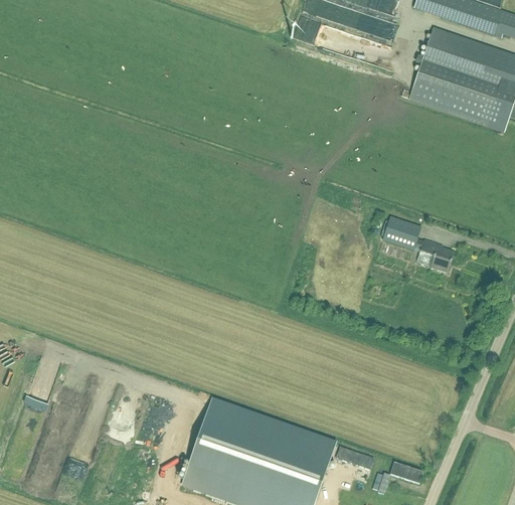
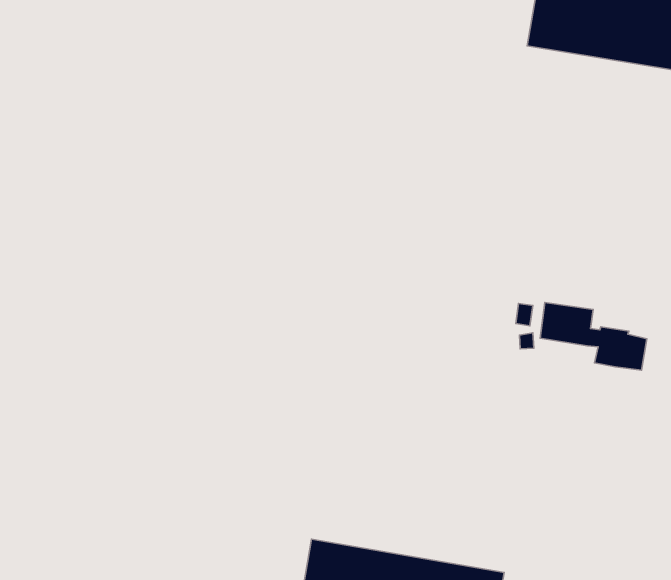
building: [382,216,453,272] -> [540,303,647,370]

